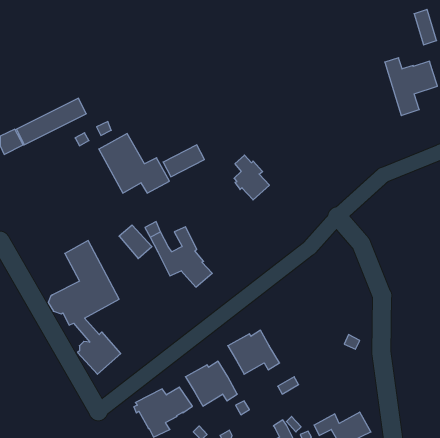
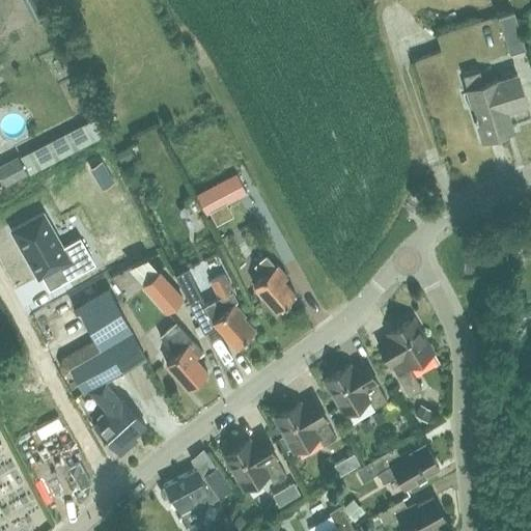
building: [99,134,169,193] -> [10,208,95,280]
building: [234,155,269,200] -> [254,259,297,313]
building: none -> [379,320,434,398]
building: none -> [161,324,208,391]
building: none -> [325,363,387,416]
building: none -> [357,446,440,490]

